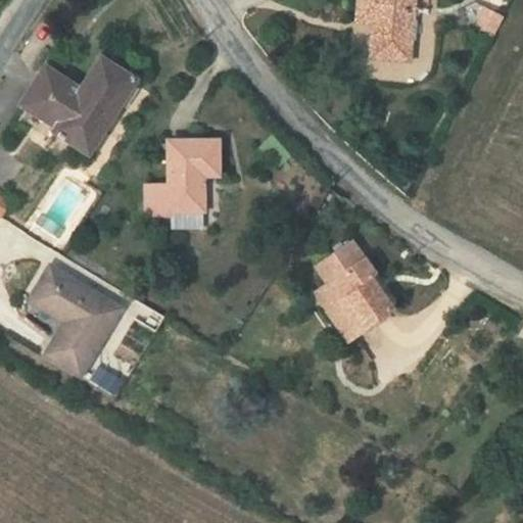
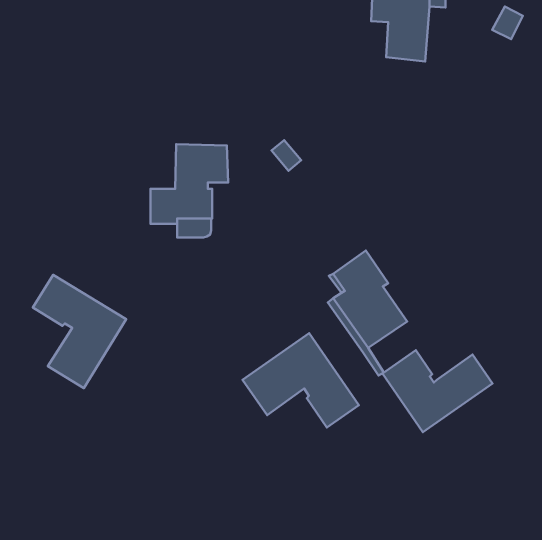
building: [23,58,136,152] -> none
building: none -> [242,333,359,427]
building: none -> [382,350,493,432]

